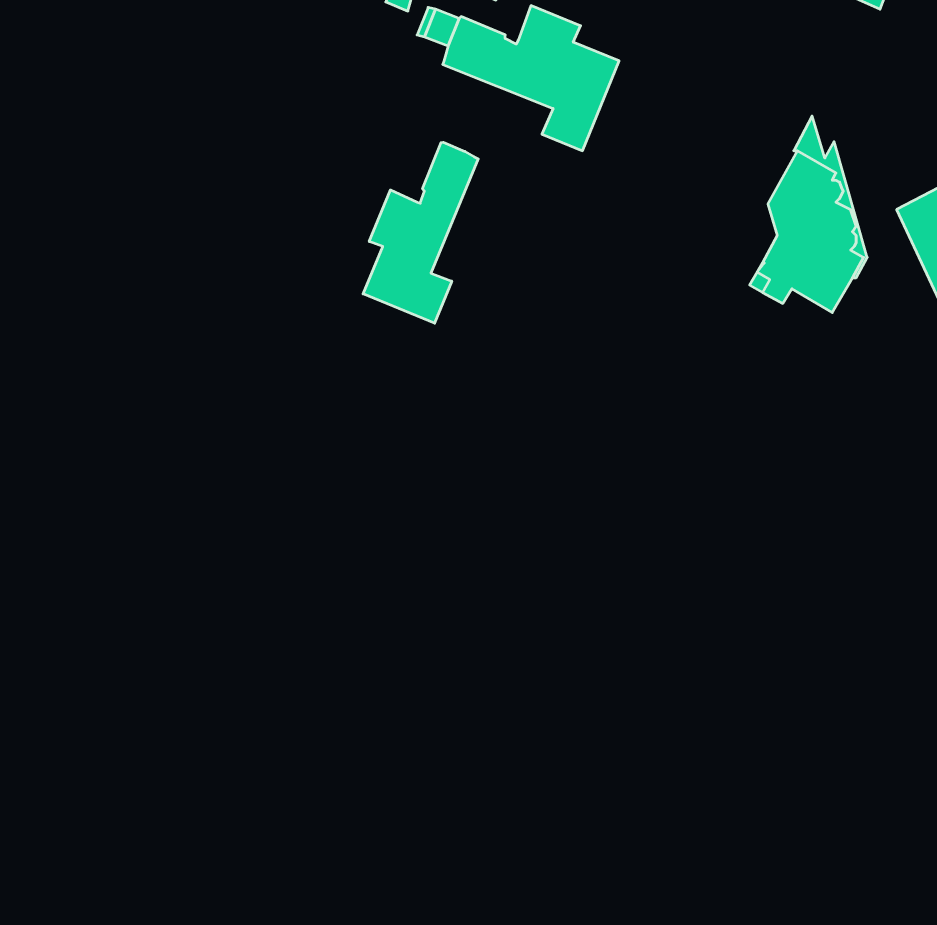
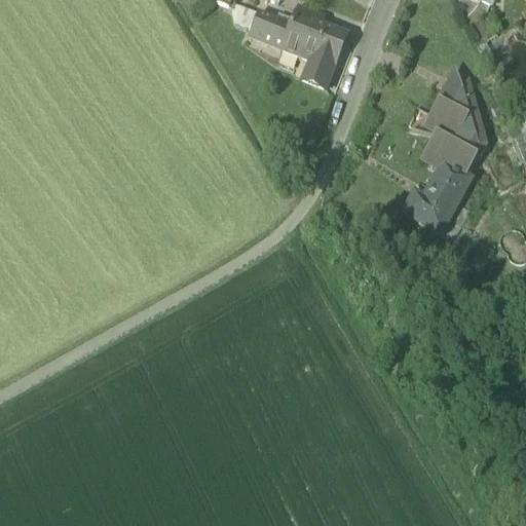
building: [363,142,478,323] -> none
building: none -> [403,161,472,232]

